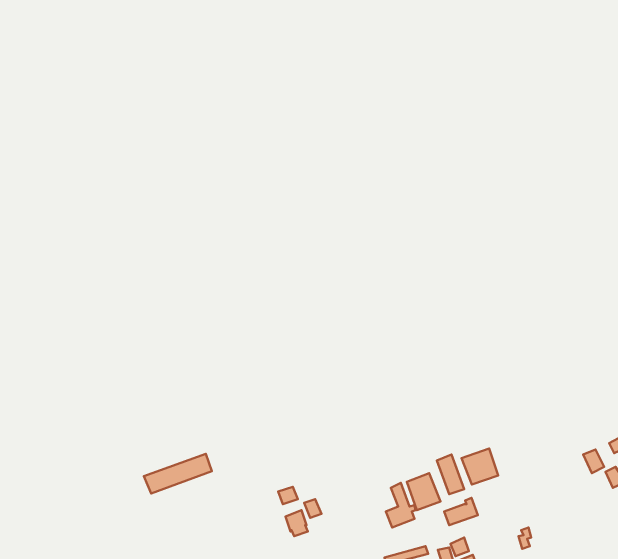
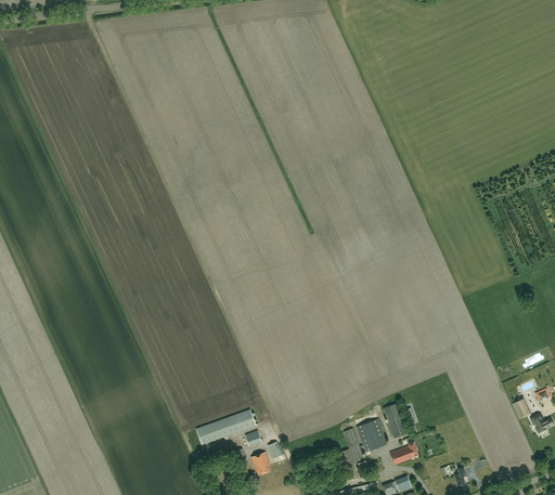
building: [462,448,498,485] -> none
building: [144,454,212,493] -> [195,409,255,444]

